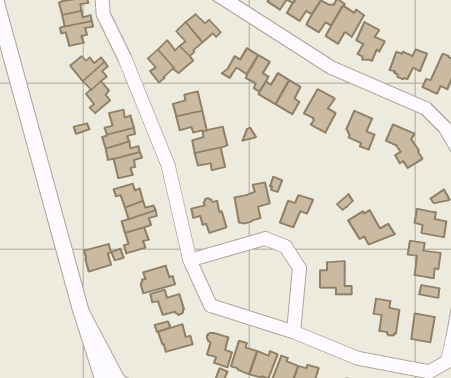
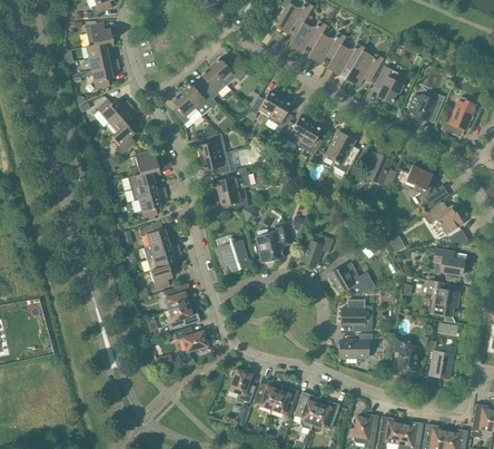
building: none -> [424,202,463,233]
building: [348,210,395,244] -> [329,263,375,296]
building: [84,244,111,271] -> [164,283,190,310]
building: none -> [339,332,373,357]
building: [158,324,192,352] -> none

